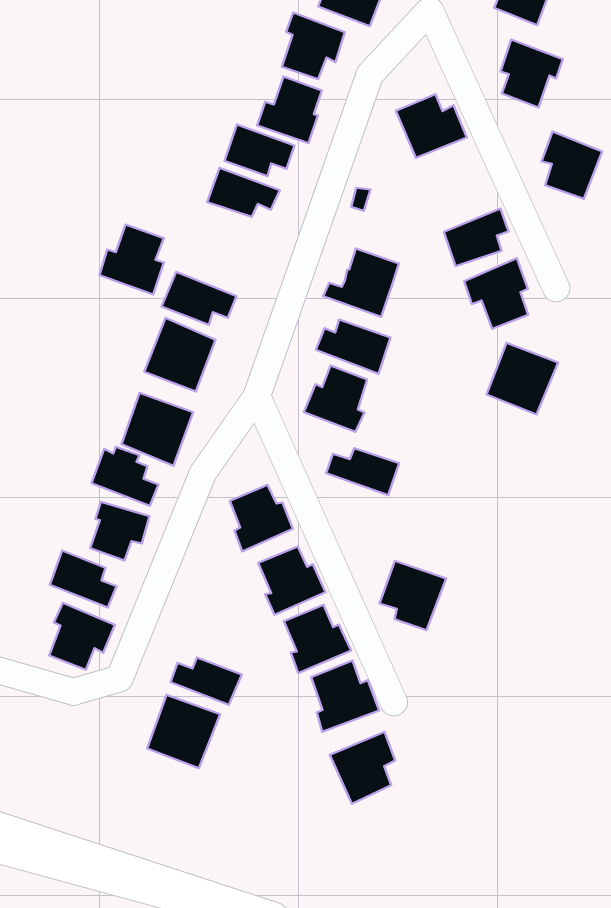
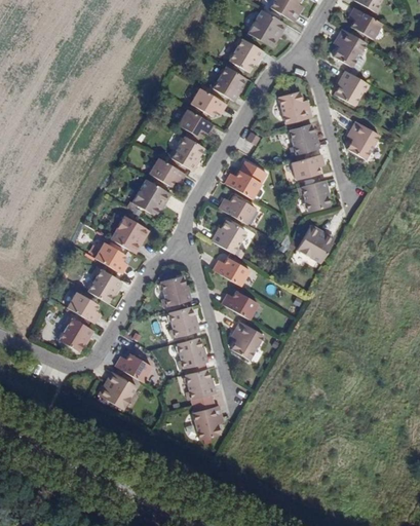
building: none -> [291,122,321,155]
building: [99,224,164,295] -> [166,136,202,174]
building: none -> [222,294,258,321]

